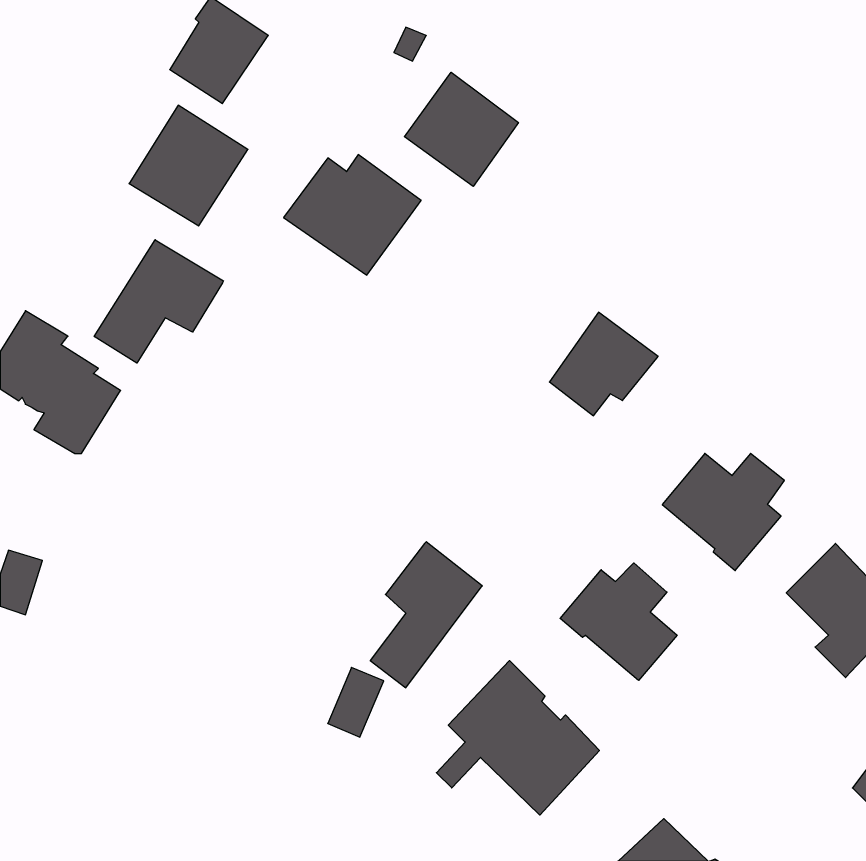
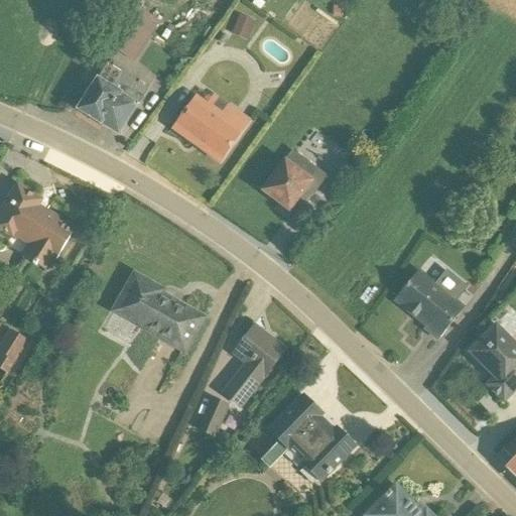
building: [404,72,518,186] -> none
building: [94,240,223,363] -> none
building: [549,312,658,416] -> [262,149,327,211]
building: none -> [109,269,207,355]
building: [560,563,677,680] -> none

